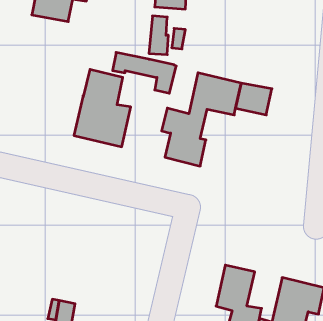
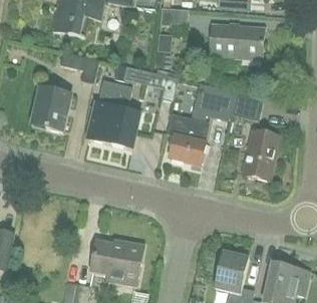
building: none -> [209,24,264,58]
building: none -> [59,49,98,82]
building: none -> [30,87,70,131]
building: none -> [242,129,279,180]
building: none -> [89,240,143,286]

